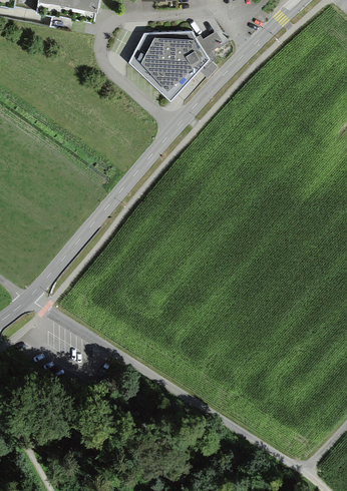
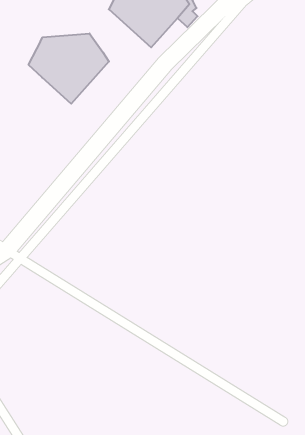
building: none -> [29,33,109,104]

